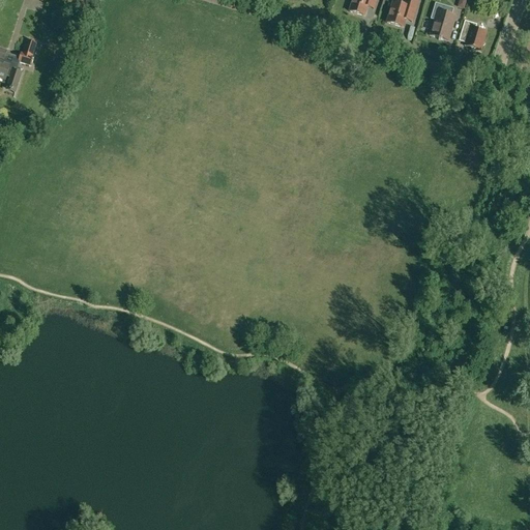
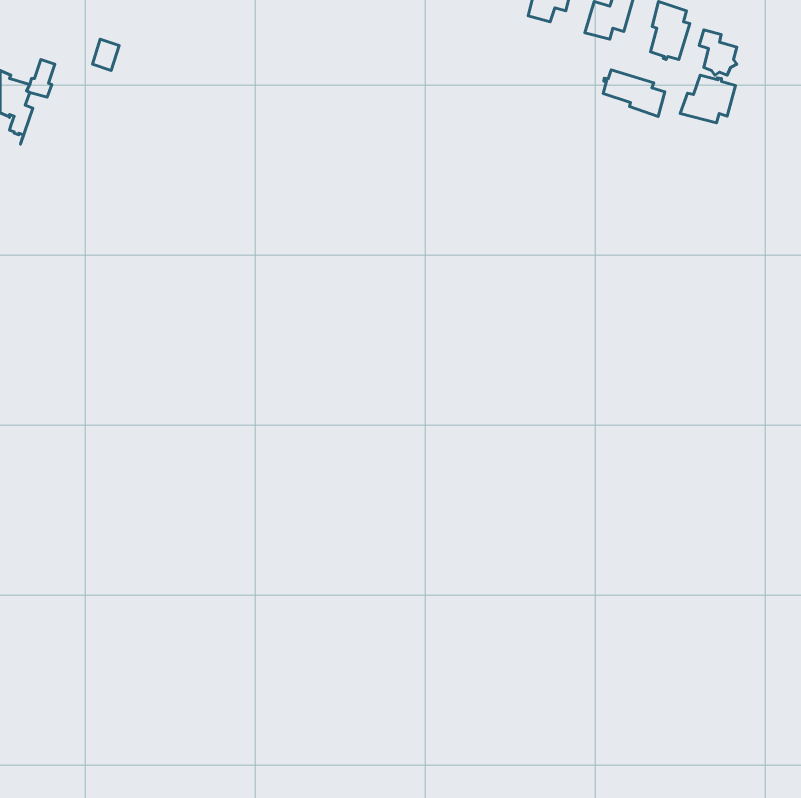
building: none -> [603,70,665,117]
building: none -> [680,75,735,123]

